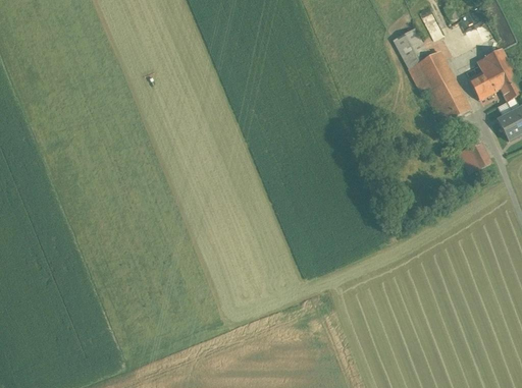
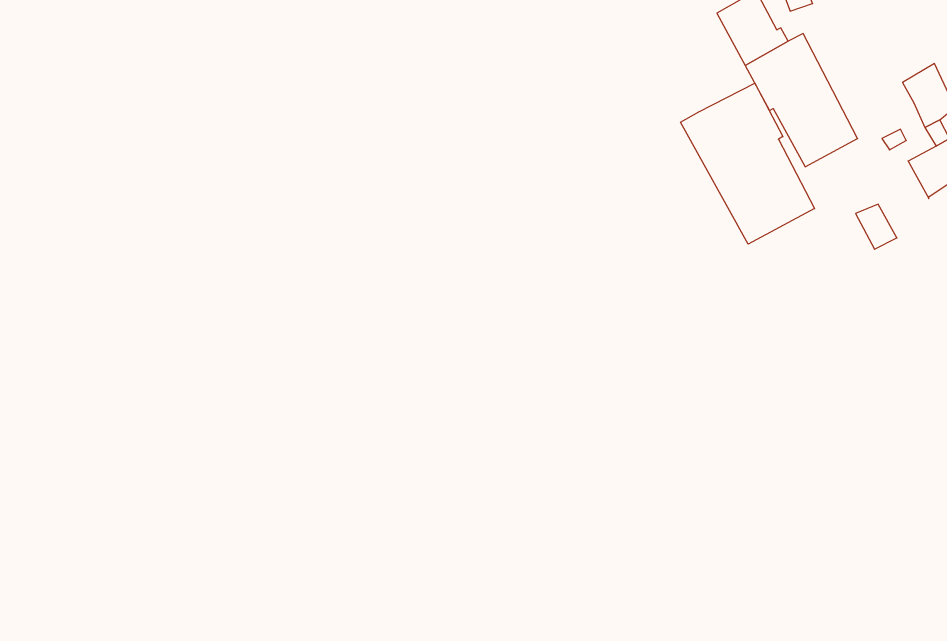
building: [468,47,512,99] -> none
building: none -> [681,83,815,244]

